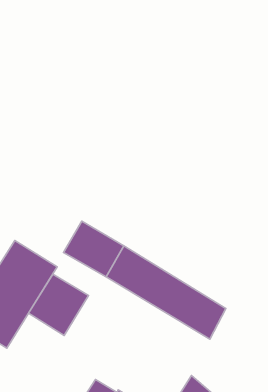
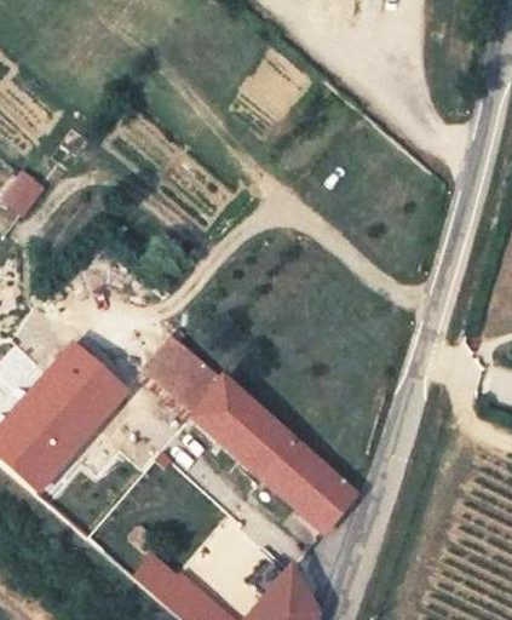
building: [28,274,88,335] -> none

